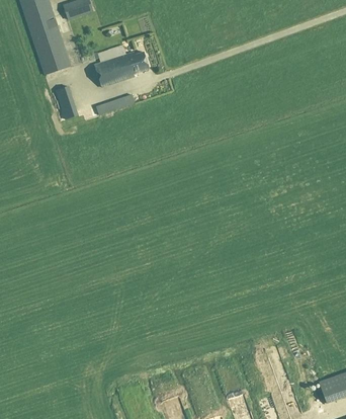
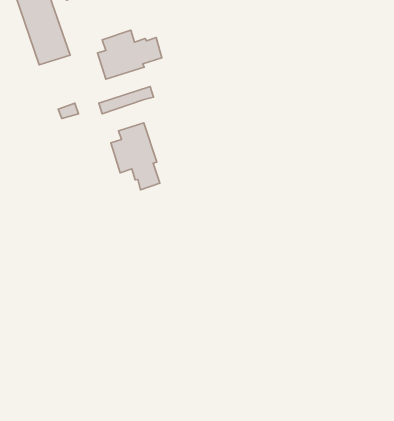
building: none -> [111,123,160,190]

